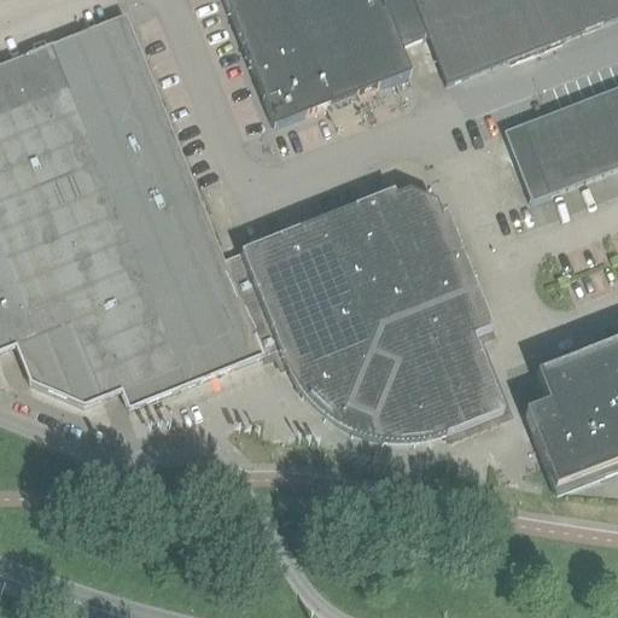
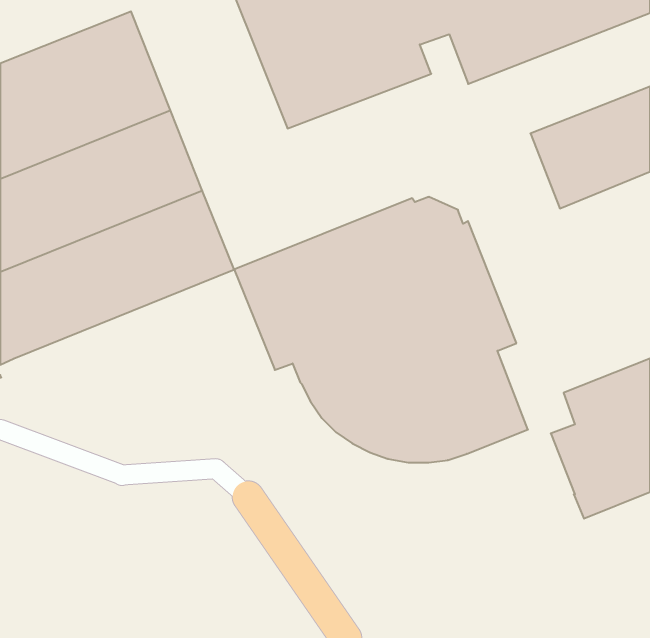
building: [13,256,261,404] -> none

